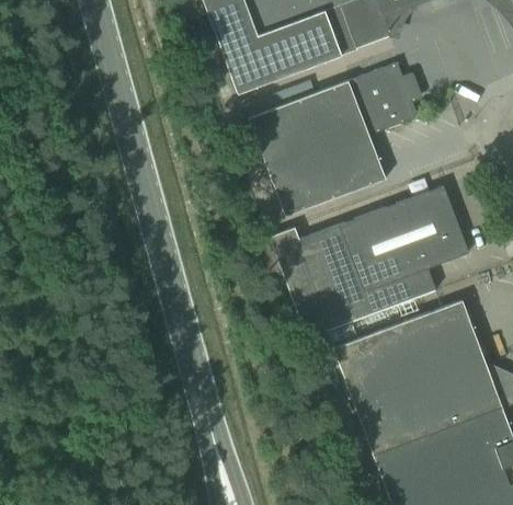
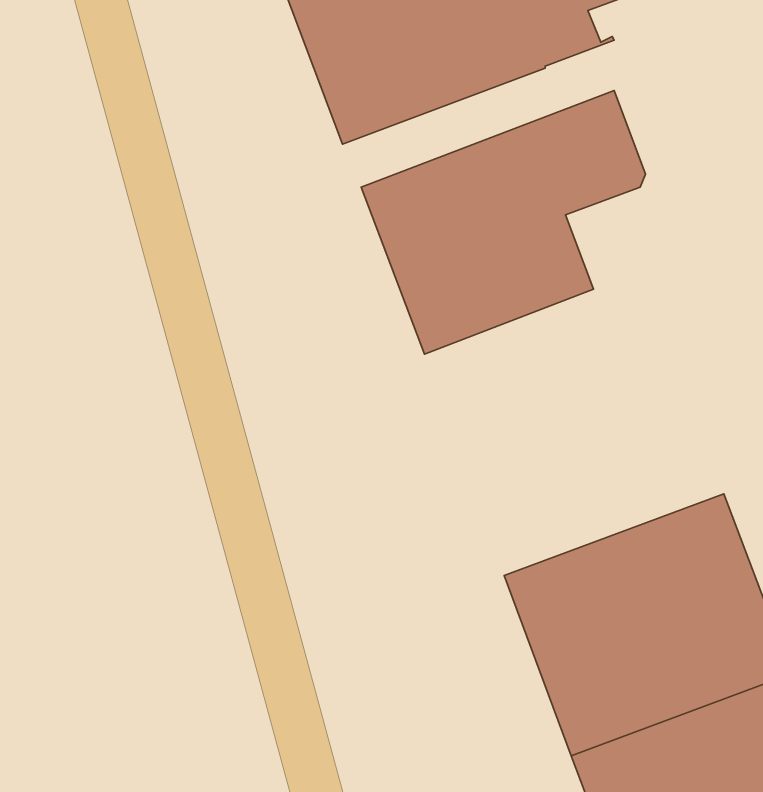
building: [270,186,469,338] -> none

